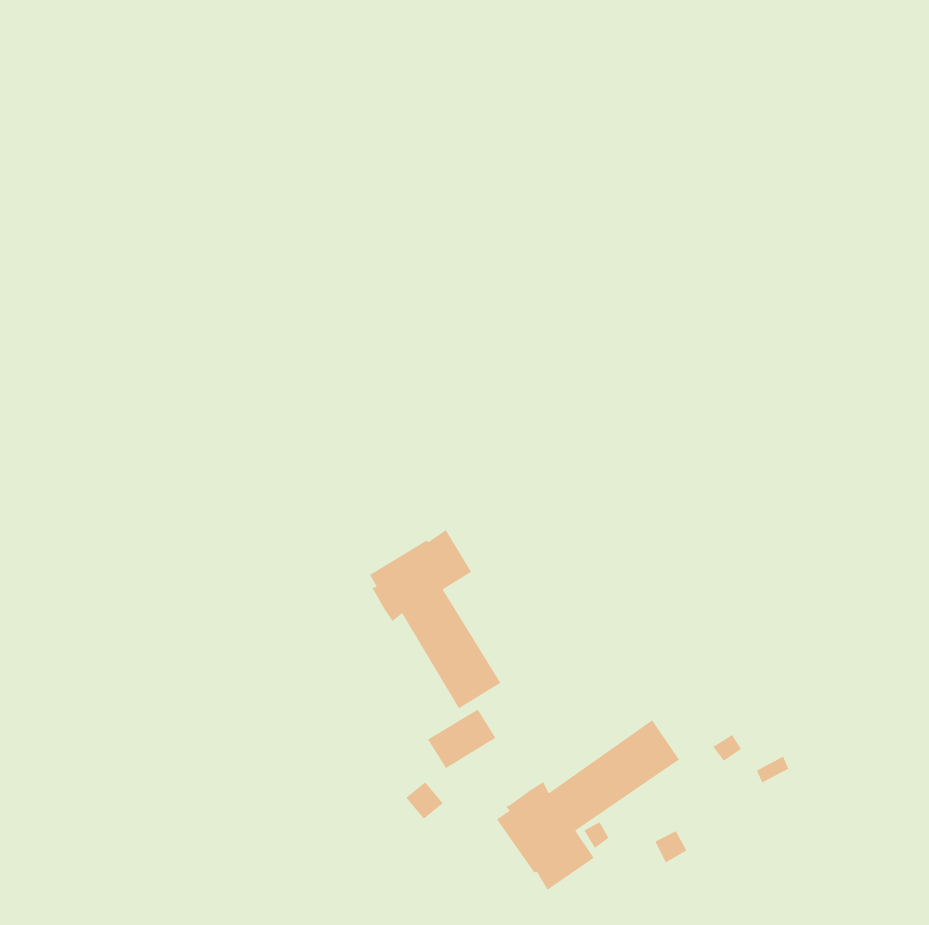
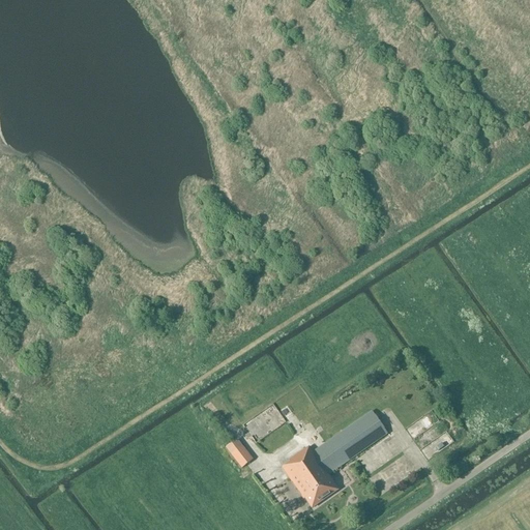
building: [369,529,501,709] -> none

